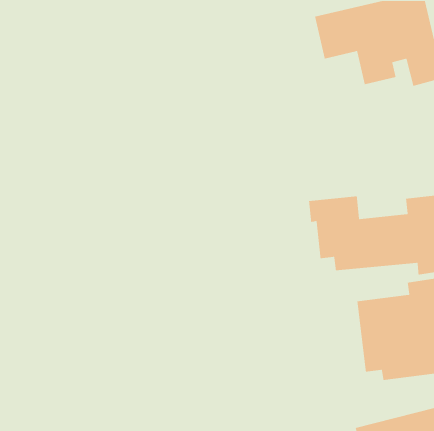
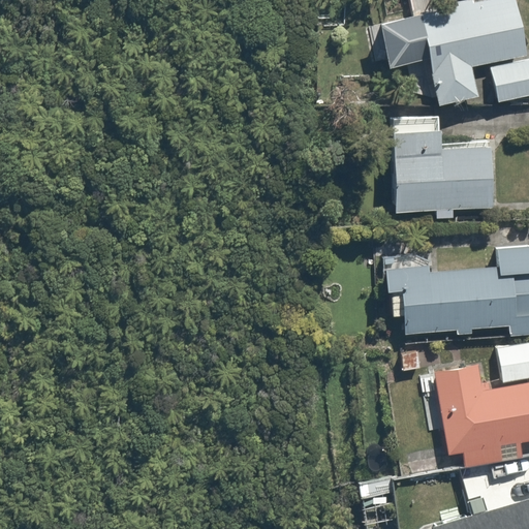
building: none -> [393,115,491,218]

